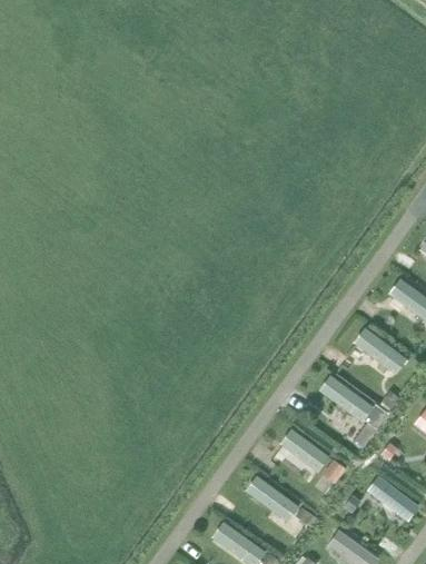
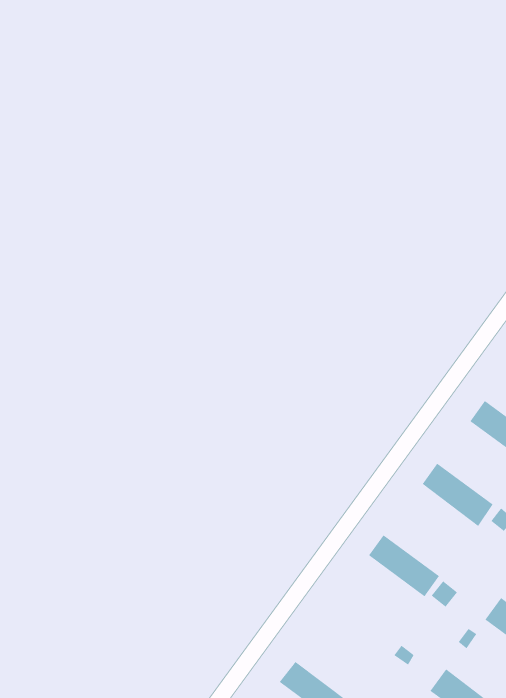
building: [245,474,299,522] -> none

